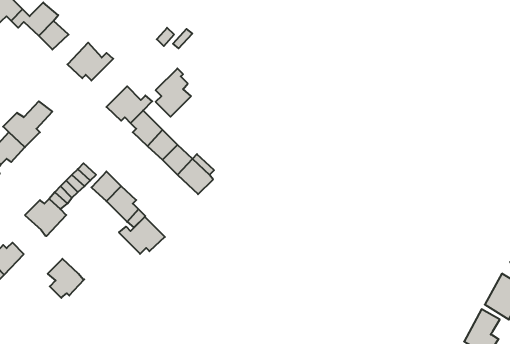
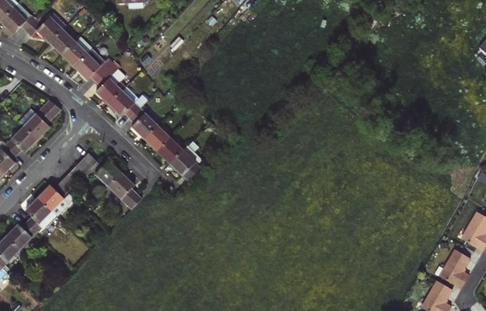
building: none -> [61,36,92,67]
building: [156,68,191,117] -> [95,62,126,104]
building: [119,217,165,254] -> none
building: [48,259,84,298] -> [24,198,56,232]

